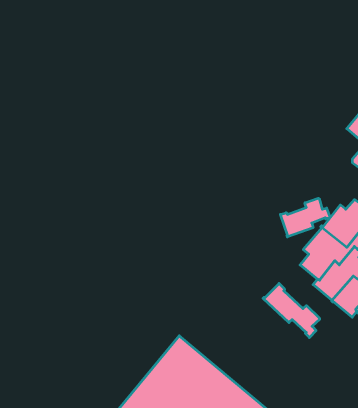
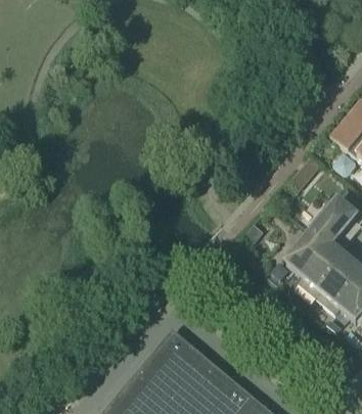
building: [280,198,330,237] -> none
building: [263,283,320,338] -> none

